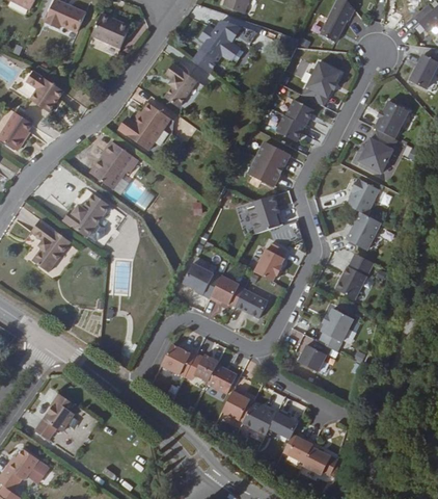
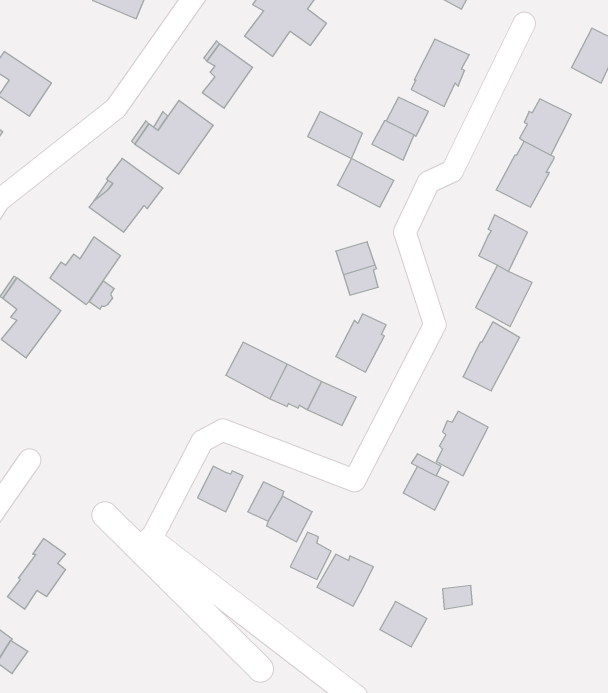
building: [246,158,282,189] -> [308,111,362,158]
building: [270,410,299,438] -> none
building: [302,447,338,476] -> none

